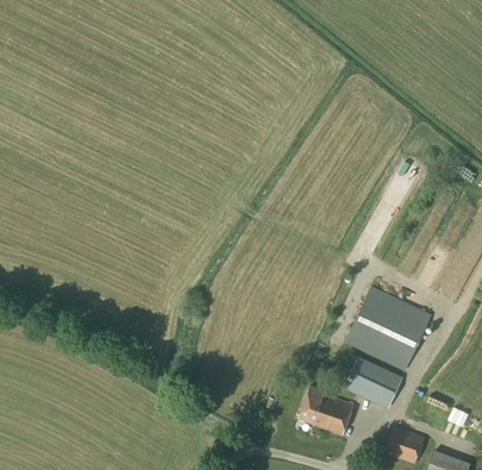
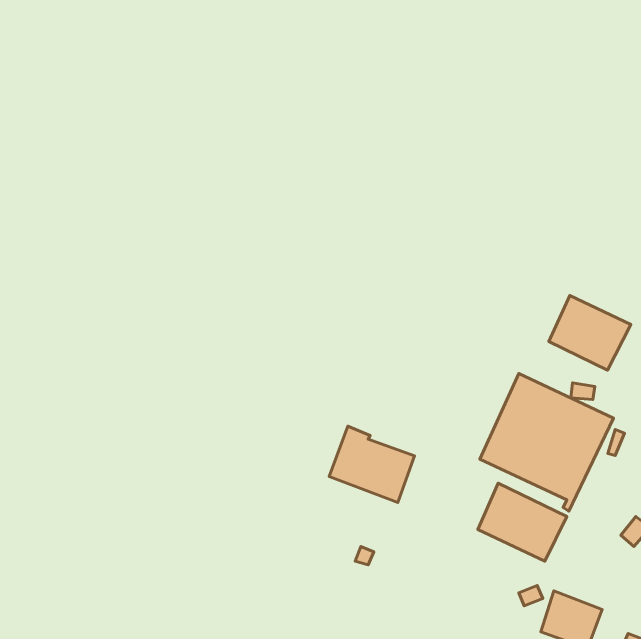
building: none -> [549,296,631,370]
building: [299,386,353,434] -> [329,426,415,502]

